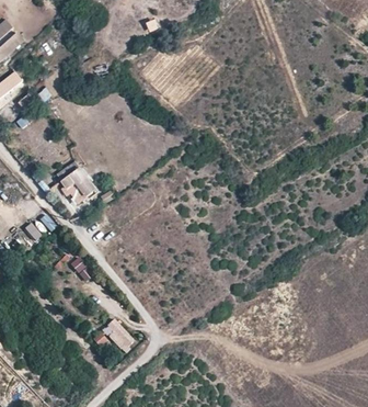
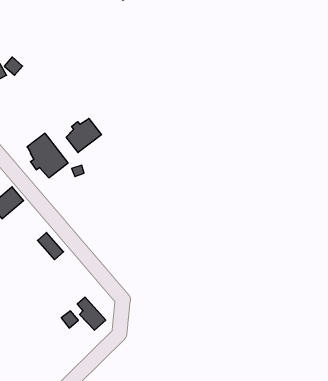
building: none -> [66,118,101,153]

